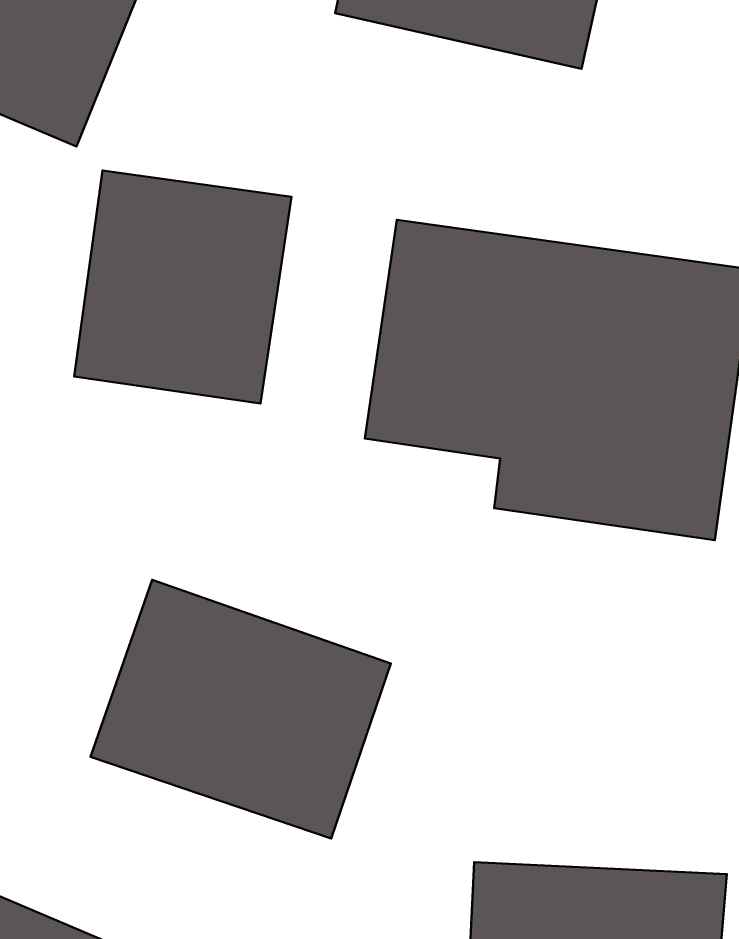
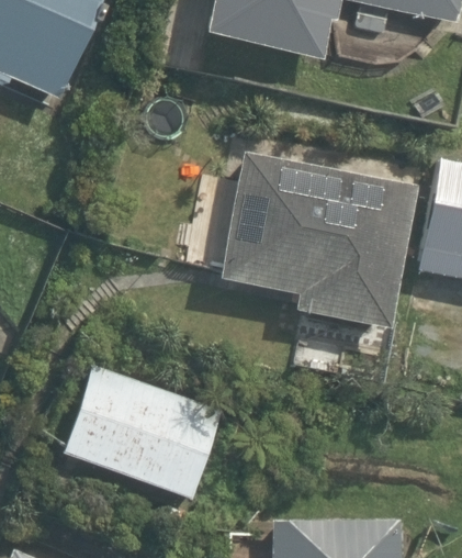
building: [74,171,291,404] -> none

